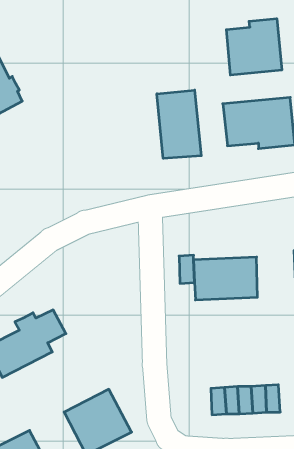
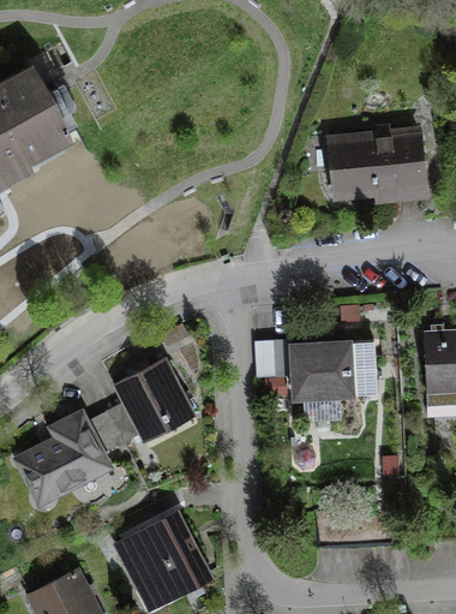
building: [226,19,282,75] -> none
building: [157,90,201,158] -> none
building: none -> [107,357,194,442]

